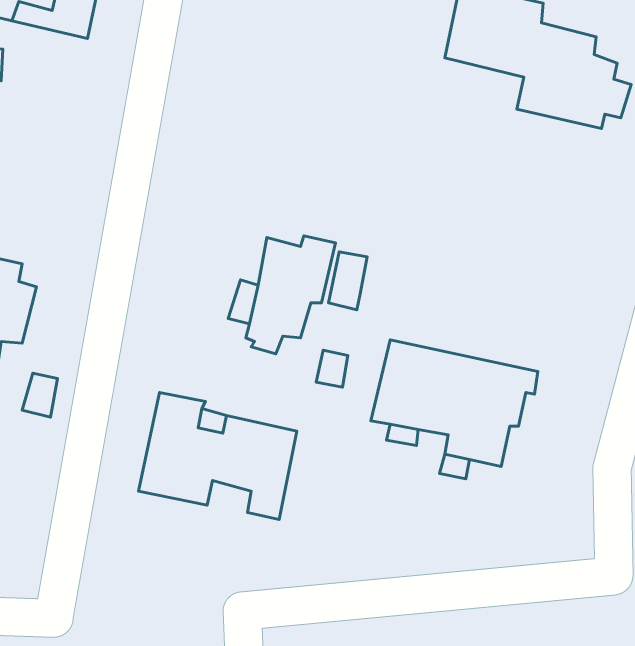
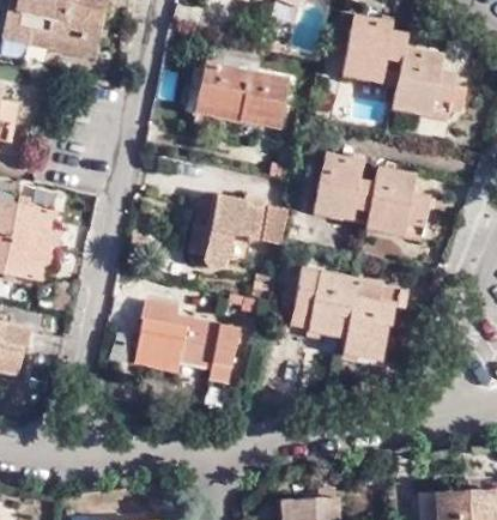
building: none -> [195,61,289,131]
building: none -> [311,149,429,238]

